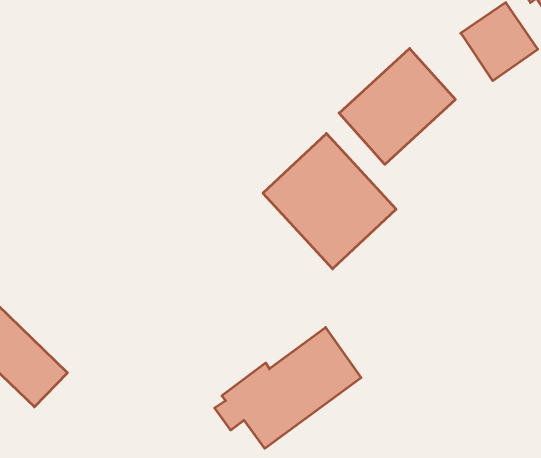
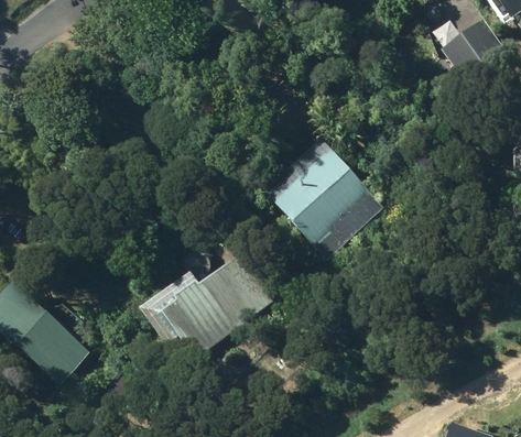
building: [339,48,455,164] -> none
building: [215,327,361,448] -> [149,247,281,356]

